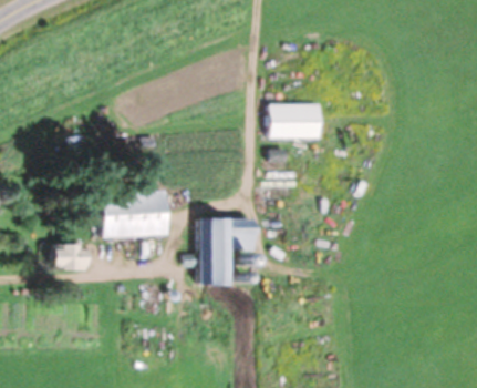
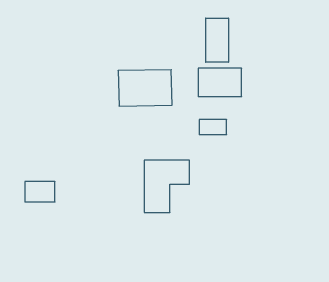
building: none -> [206,18,228,62]
building: [102,192,169,237] -> [118,70,172,106]

